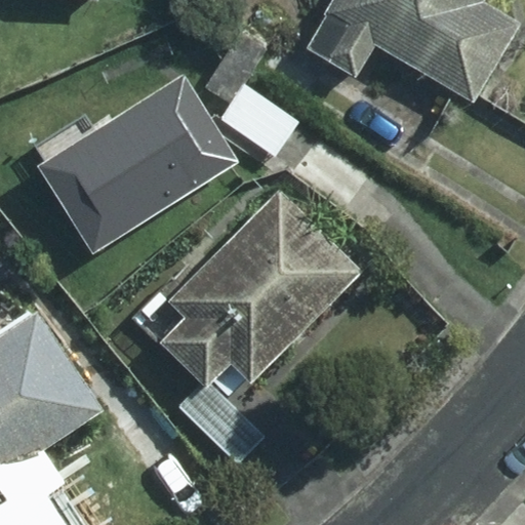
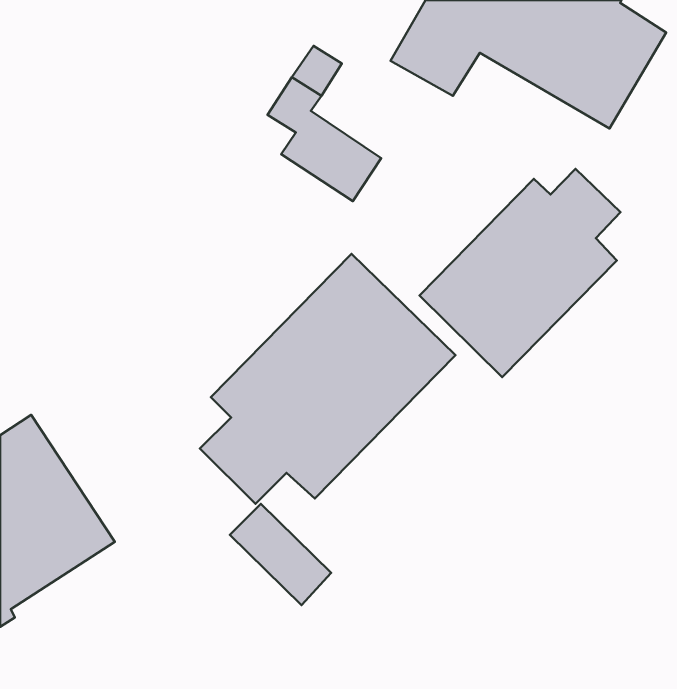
building: [39,78,235,250] -> none
building: none -> [419,169,621,377]

